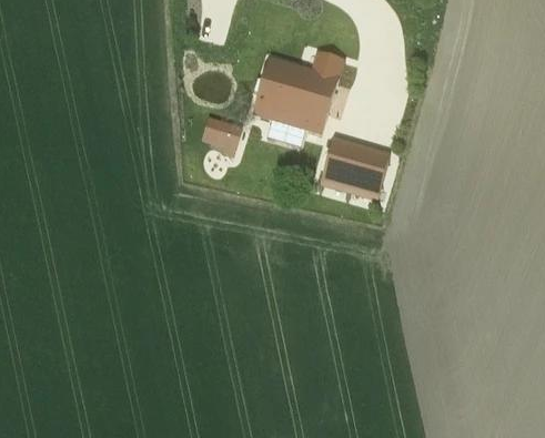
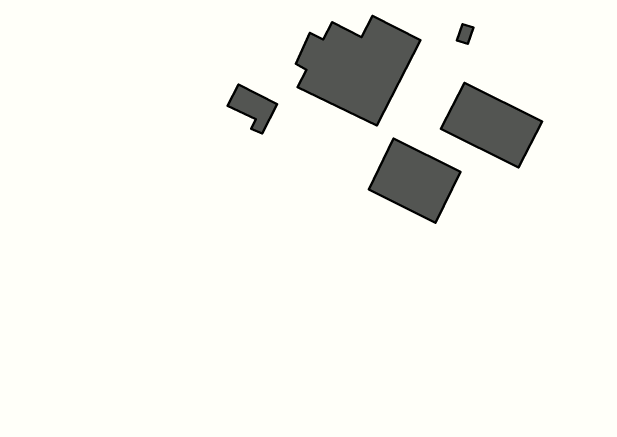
building: none -> [441,83,542,168]

